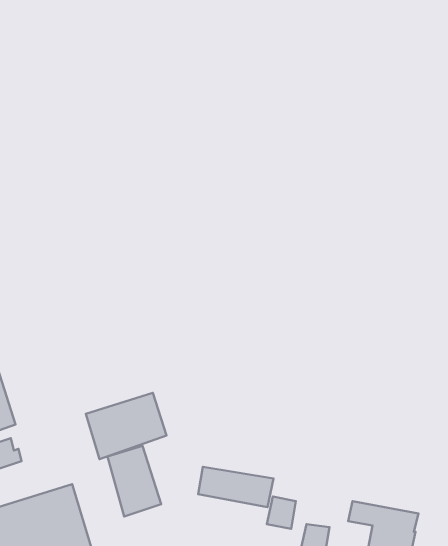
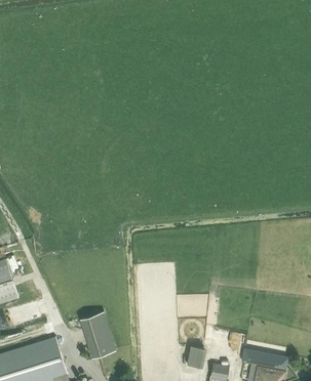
building: [86,393,167,459] -> none
building: [198,467,273,507] -> none

